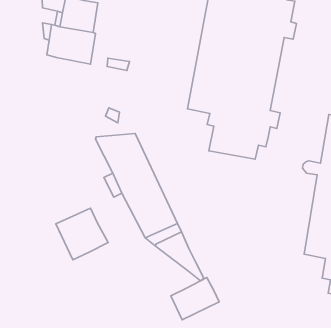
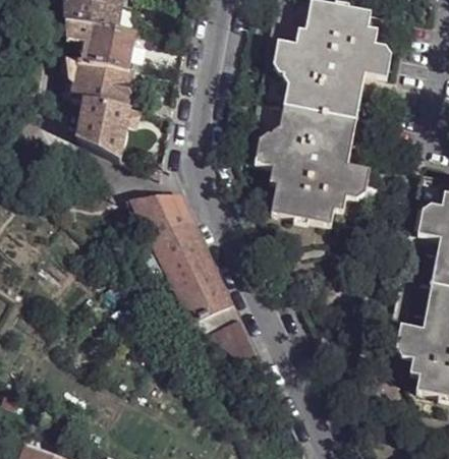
building: none -> [78,102,143,161]
building: [56,208,108,260] -> none
building: [171,277,219,320] -> none

